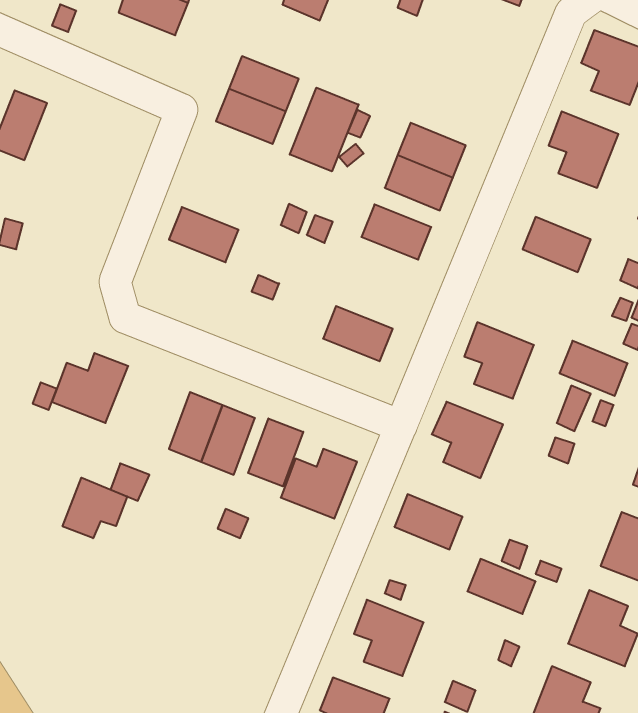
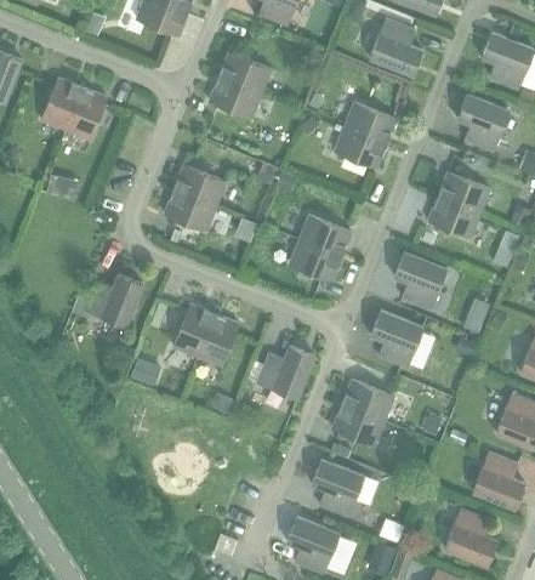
building: none -> [370,18,422,75]
building: [290,88,359,171] -> none
building: none -> [66,87,107,140]
building: [361,204,431,260] -> [298,215,351,256]
building: none -> [164,189,216,231]
building: [559,341,628,396] -> [428,197,479,238]
building: [248,418,303,486] -> none
building: [63,478,127,538] -> none
building: [467,559,536,614] -> [332,404,383,445]

